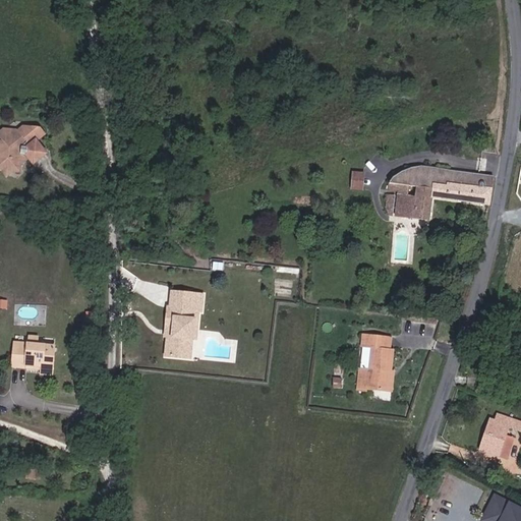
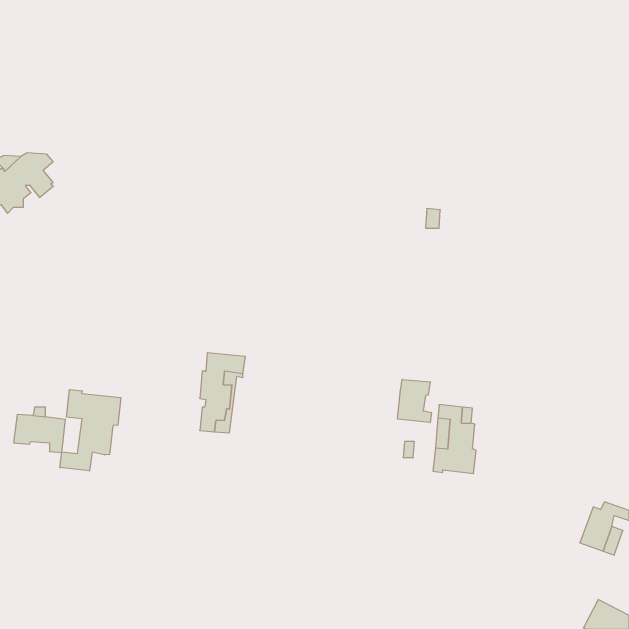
building: [387,165,493,220] -> none
building: none -> [398,379,431,423]
building: none -> [60,390,121,471]

